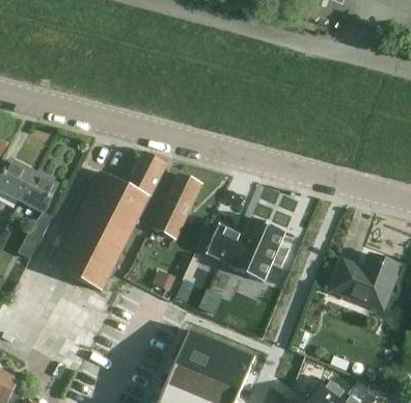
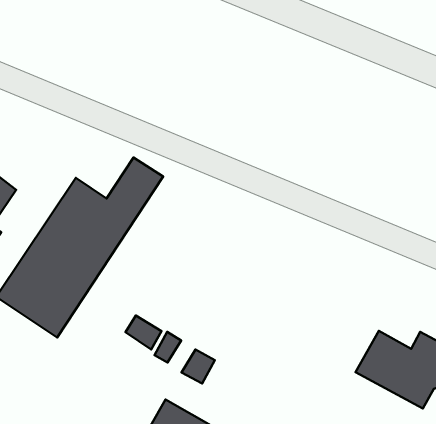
building: [154,173,200,238] -> none
building: [205,216,286,281] -> none

